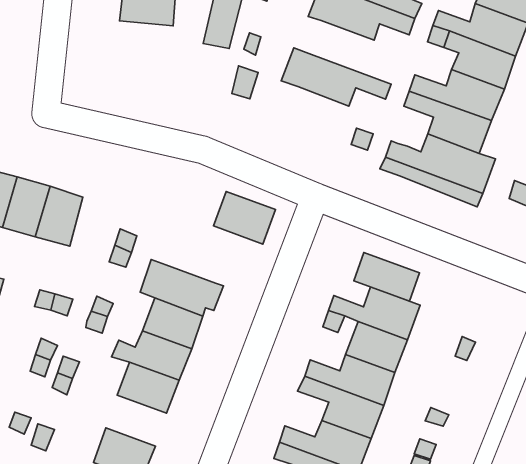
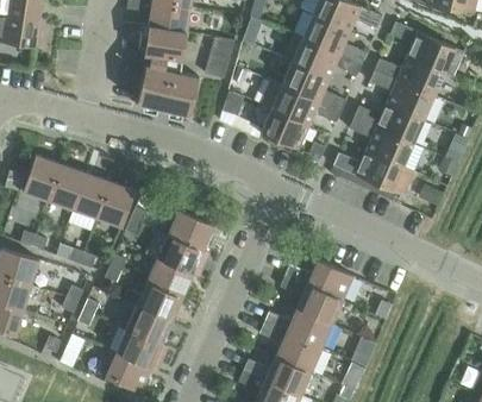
building: none -> [281,61,345,111]
building: none -> [137,63,198,113]
building: none -> [261,108,308,149]
building: [214,191,275,244] -> [167,209,213,250]
building: none -> [96,181,134,226]
building: [354,253,419,301] -> none
building: none -> [115,328,167,368]

